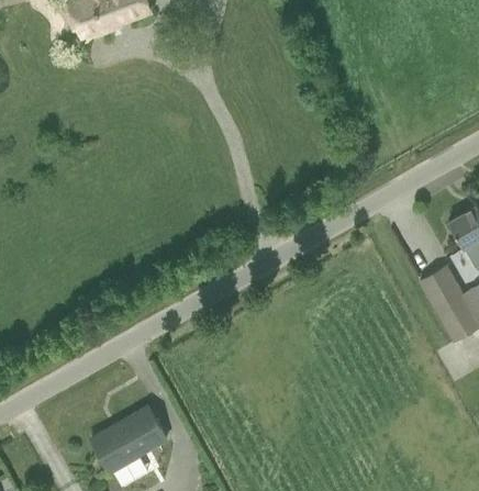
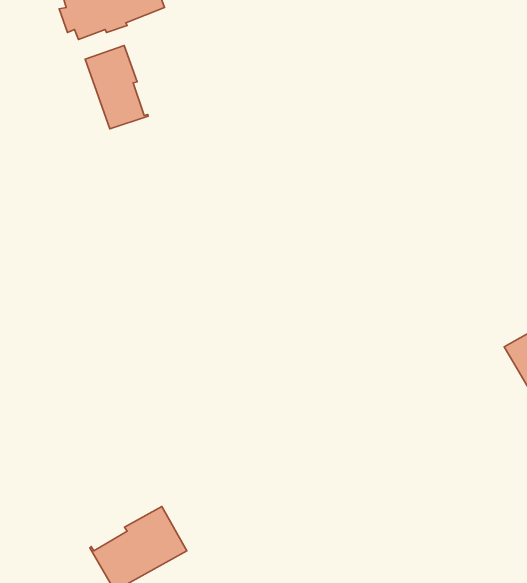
building: none -> [85,46,148,129]

